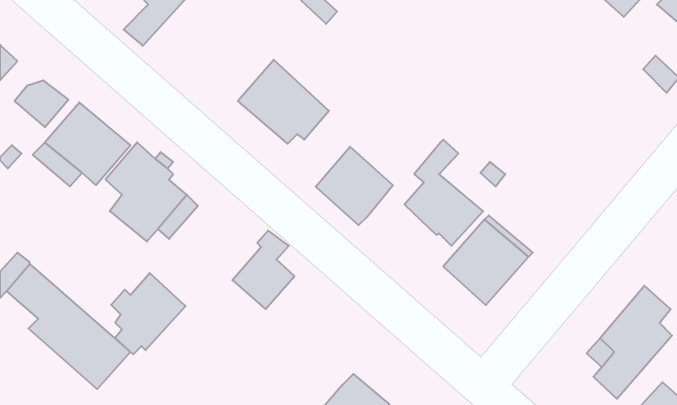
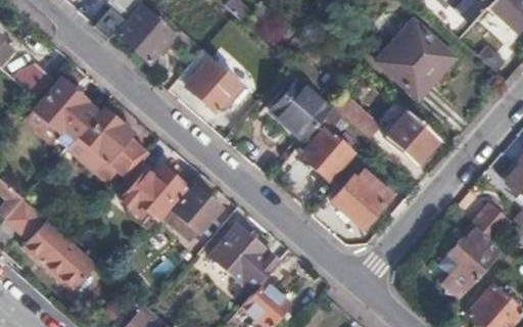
building: none -> [118,7,174,61]
building: none -> [378,20,450,97]
building: none -> [386,106,443,165]
building: [316,147,393,225] -> [272,80,329,138]
building: [111,273,186,354] -> [130,162,185,223]
building: none -> [210,225,280,288]

